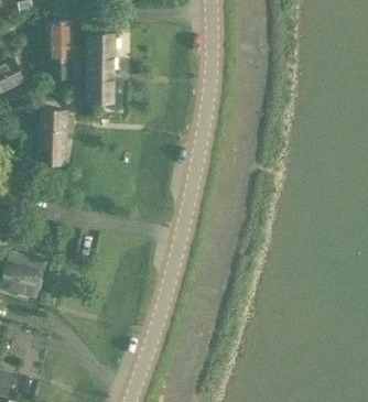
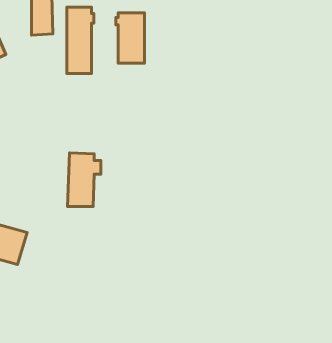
building: none -> [116,13,145,63]
building: [40,110,74,165] -> [67,153,101,206]

